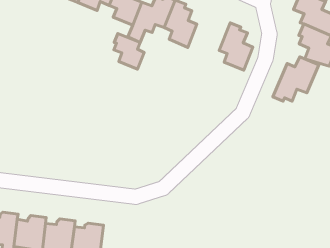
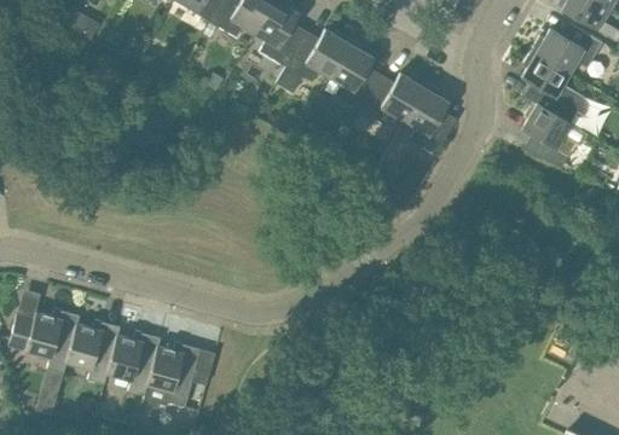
building: none -> [359,72,426,126]
building: [114,33,144,69] -> none
building: [273,57,319,101] -> none

